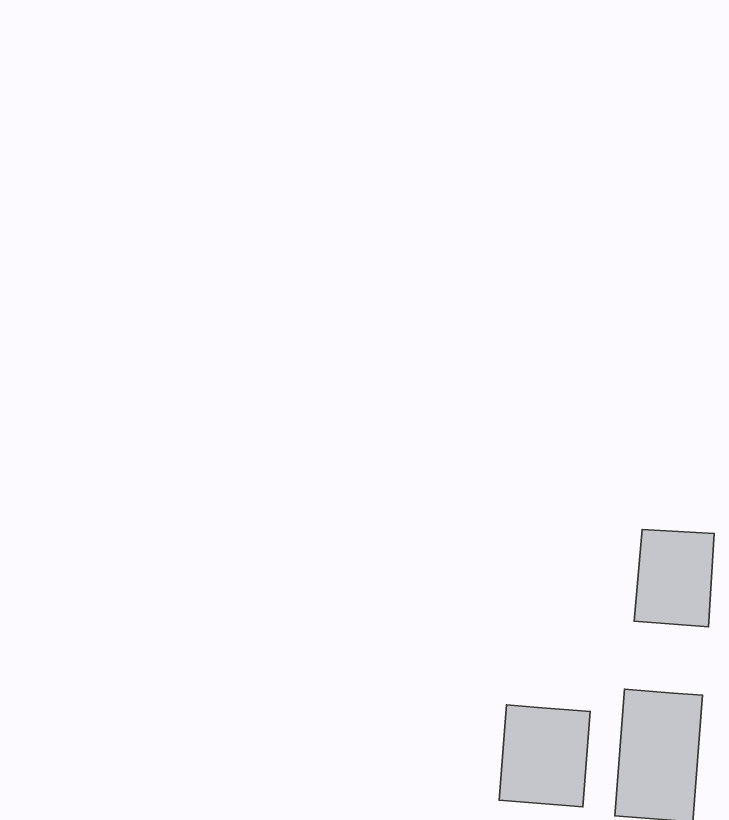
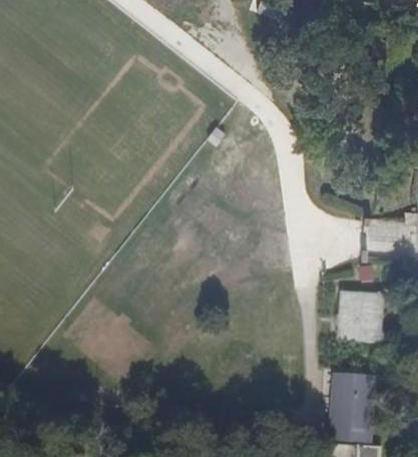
building: [499,705,590,807] -> none

